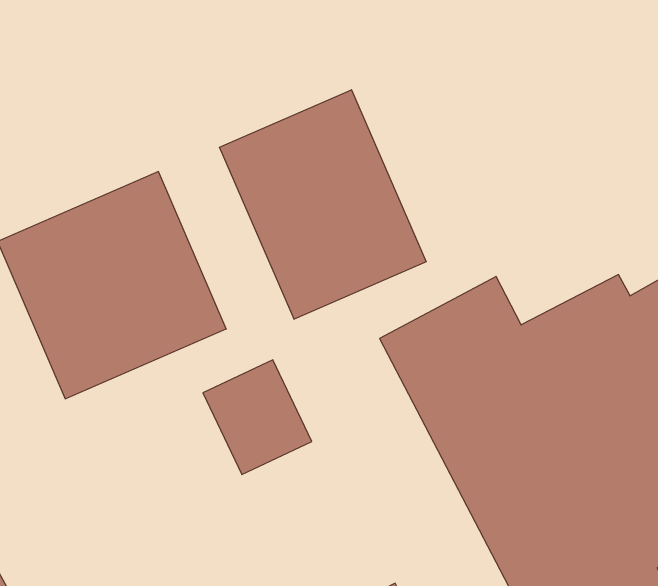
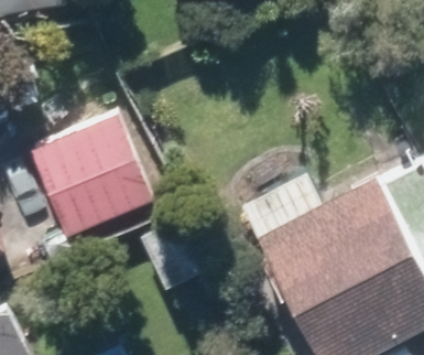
building: [220,90,426,319] -> none

